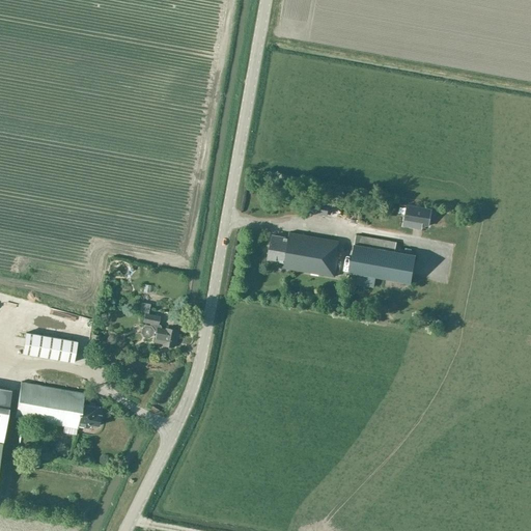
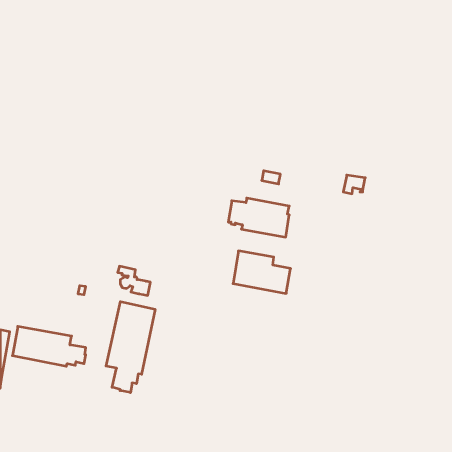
building: [348,234,416,284] -> [233,251,291,293]
building: [22,333,77,362] -> none
building: none -> [106,302,155,393]

